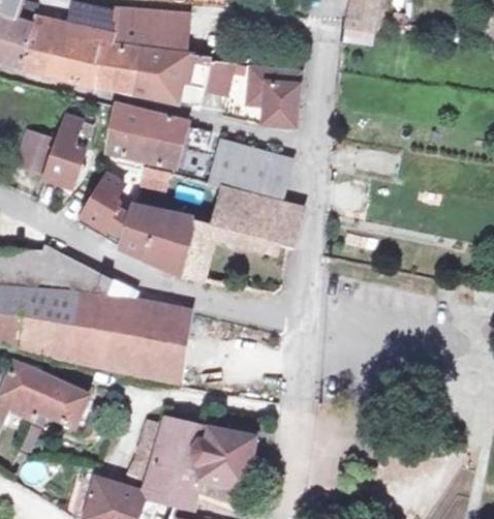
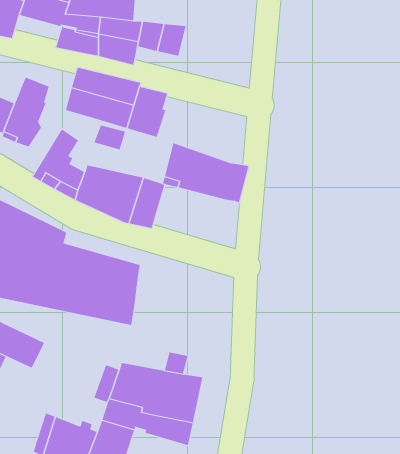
building: [52,51,103,87] -> none
building: [249,63,301,125] -> none
building: [211,142,291,207] -> none

